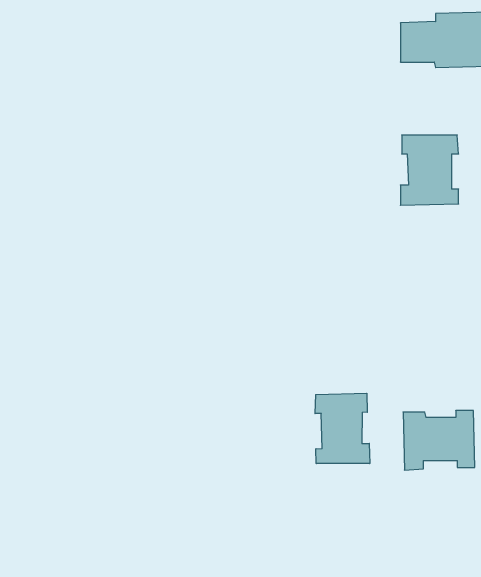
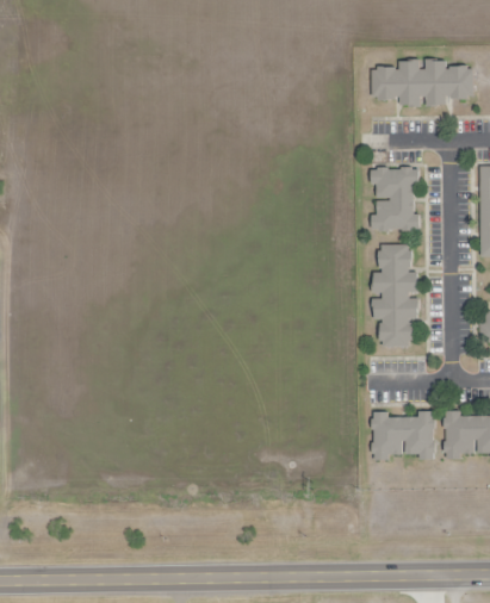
building: none -> [372,245,421,346]
building: [315,393,370,464] -> none

